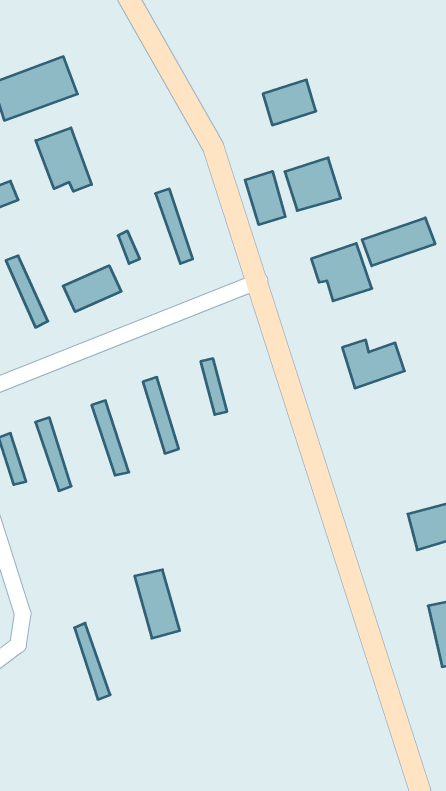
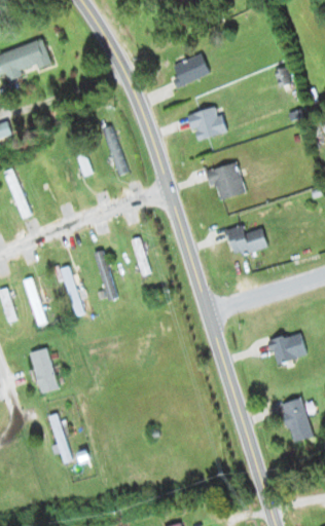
building: [36,128,92,191] -> none
building: [245,171,285,225] -> none
building: [362,218,435,266] -> none
building: [63,266,121,312] -> none
building: [135,570,180,638] -> [30,348,60,393]

